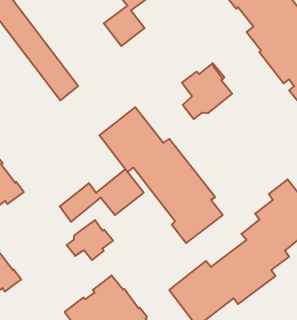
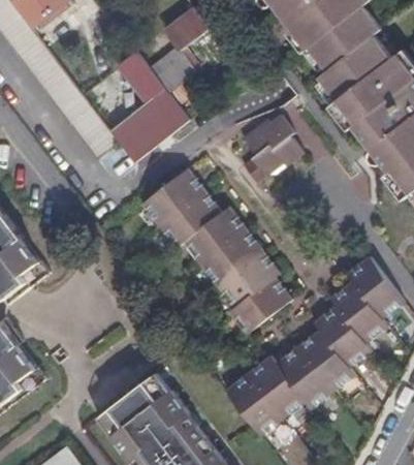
building: none -> [107,51,187,162]
building: [60,169,144,222] -> none
building: [67,220,113,260] -> none

